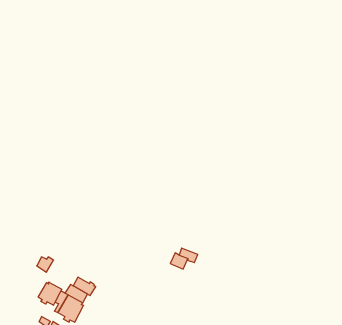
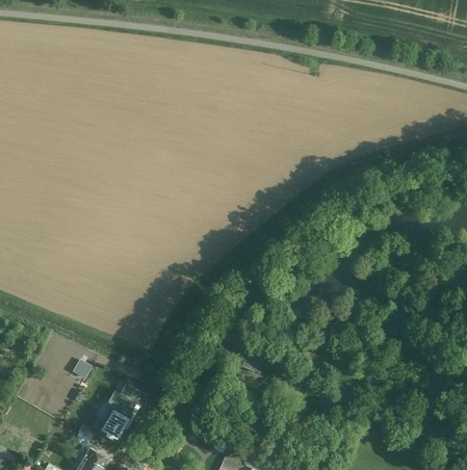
building: [38,282,62,305] -> none

